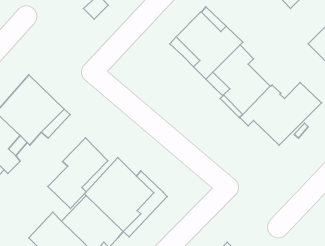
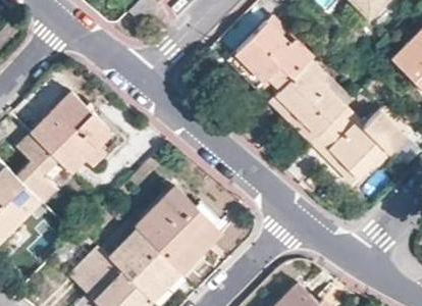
building: [48,138,108,209] -> none

